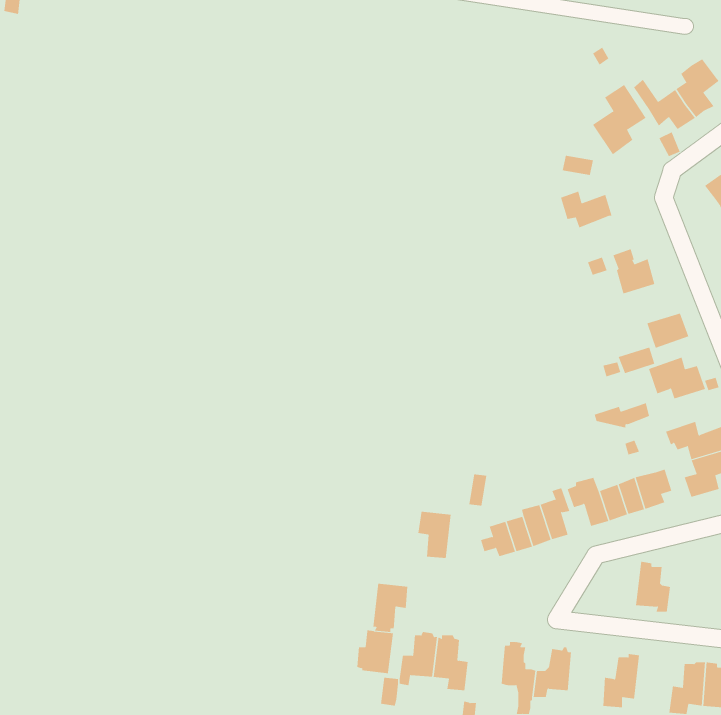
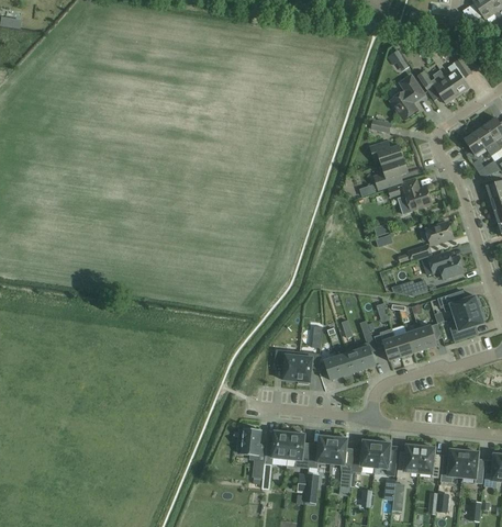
building: none -> [373,159,406,190]
building: [635,561,671,612] -> [419,444,442,476]
building: [372,583,408,632] -> [297,352,320,384]
building: none -> [309,434,334,467]
building: none -> [376,439,398,475]

